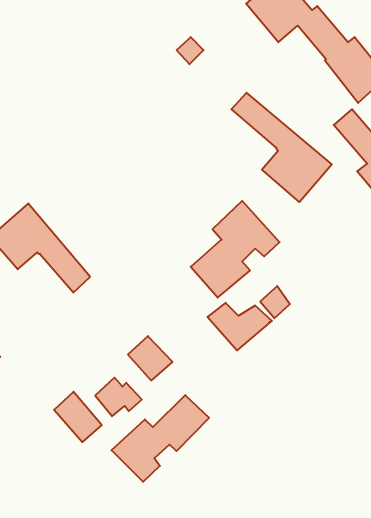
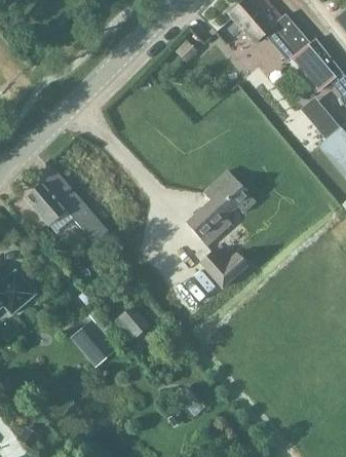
building: [231,93,332,202] -> none
building: [128,336,172,380] -> none
building: [111,395,209,482] -> none

